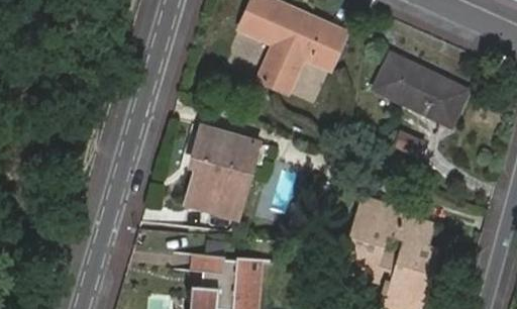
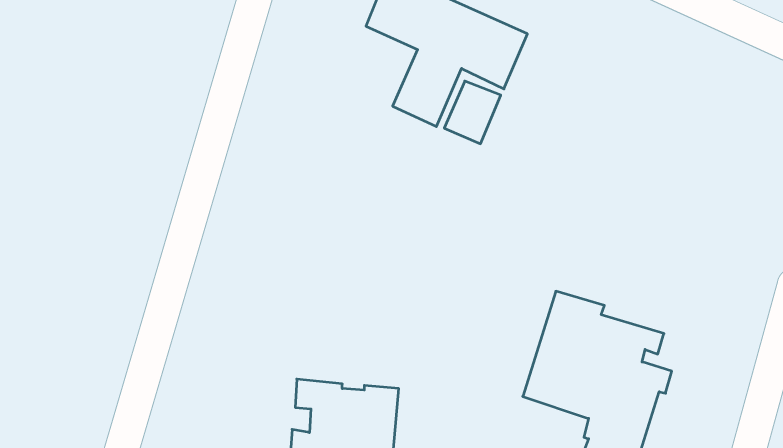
building: [375,54,469,124] -> none
building: [190,127,258,218] -> none

